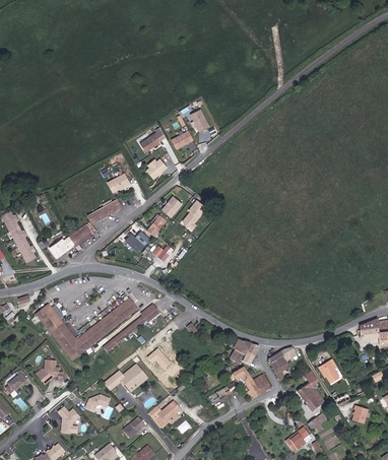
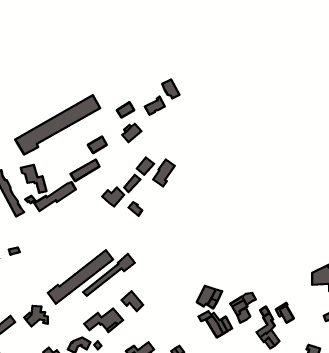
building: none -> [15,95,100,155]
building: none -> [21,165,46,193]
building: [31,304,74,347] -> none

